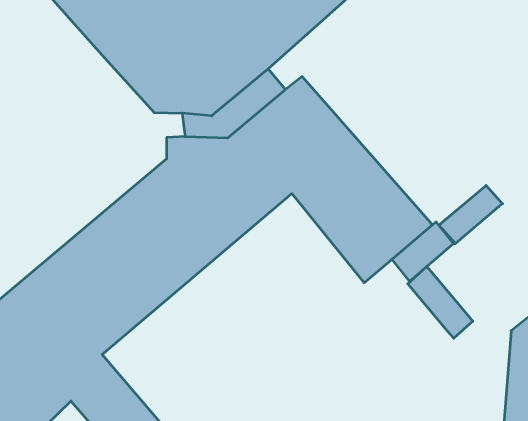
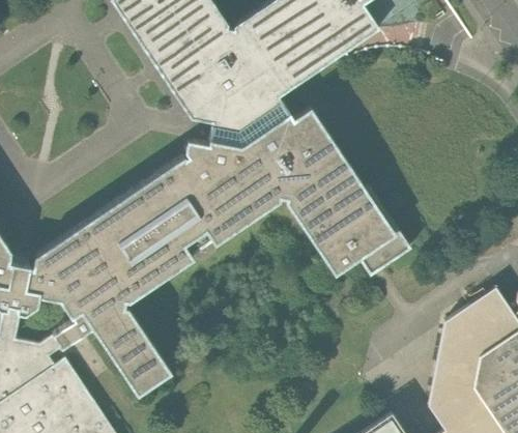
building: [439,185,503,244] -> none
building: [408,266,473,338] -> none

